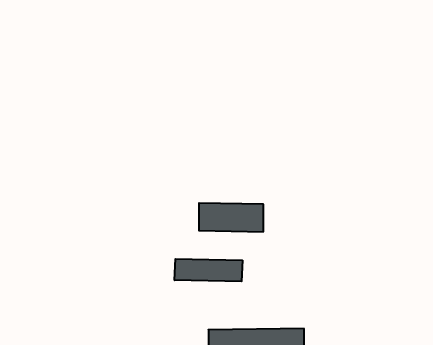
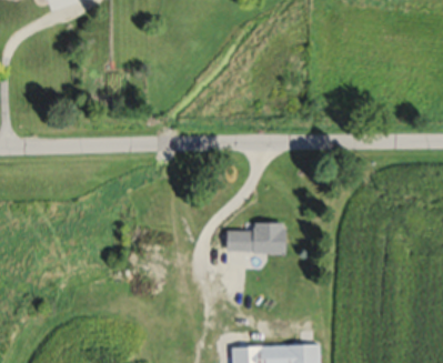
building: [175,259,242,281] -> none

